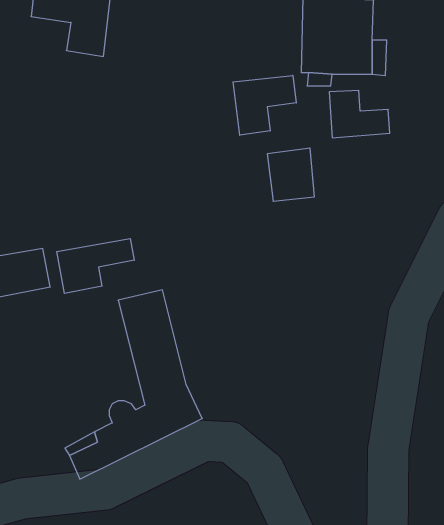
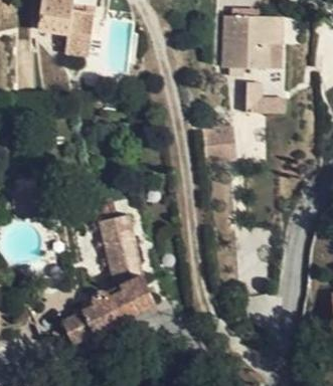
building: [233,75,296,135] -> none
building: [57,239,134,293] -> none

